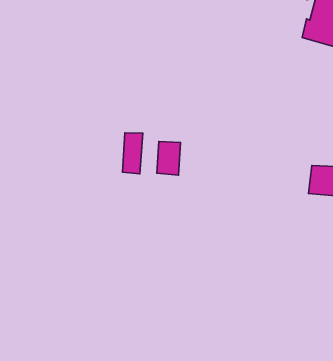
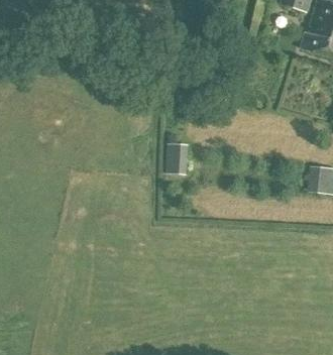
building: [122,133,143,174] -> none

